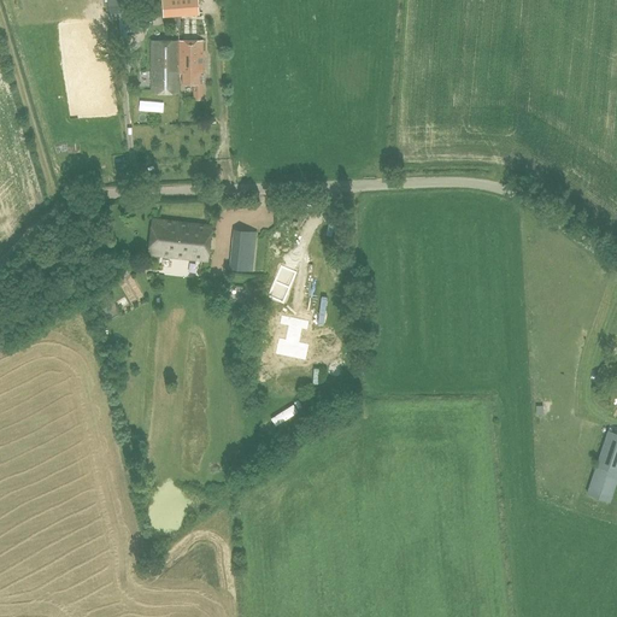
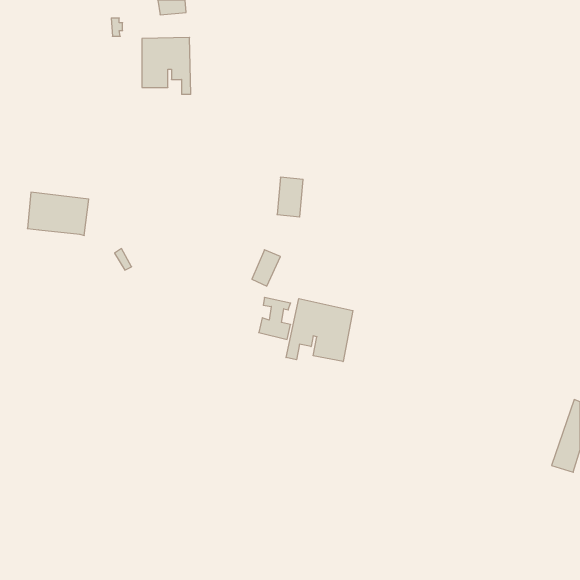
building: [147,217,212,263] -> [27,192,89,235]
building: [229,230,257,272] -> [277,177,303,217]
building: none -> [286,299,353,362]

